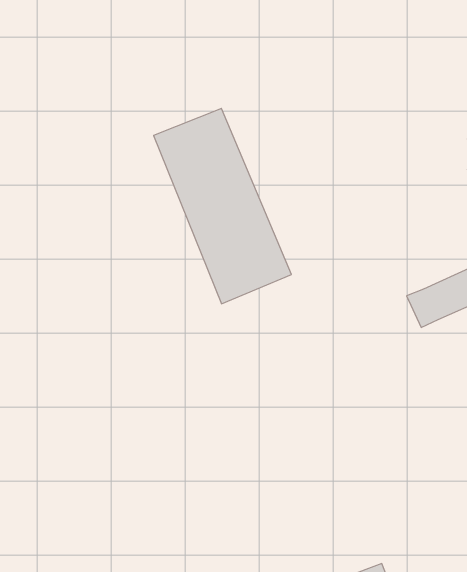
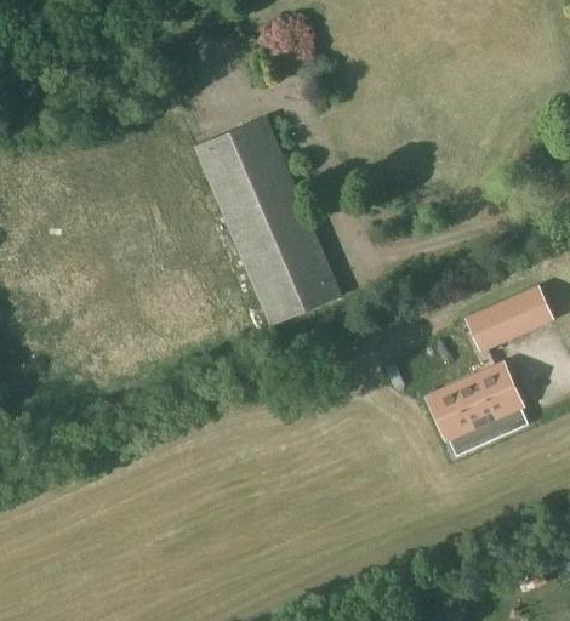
building: none -> [432,369,519,445]

